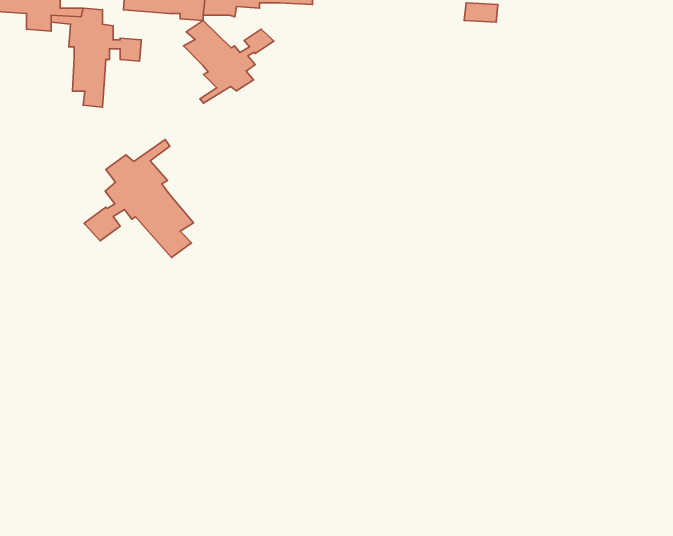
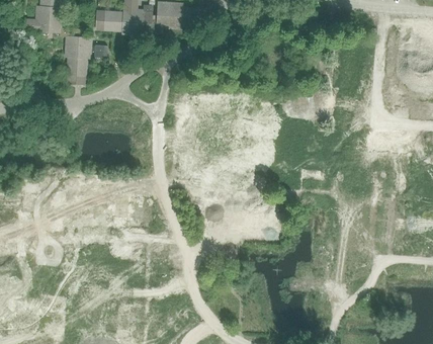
building: [184,20,274,103] -> none
building: [84,140,193,257] -> none

